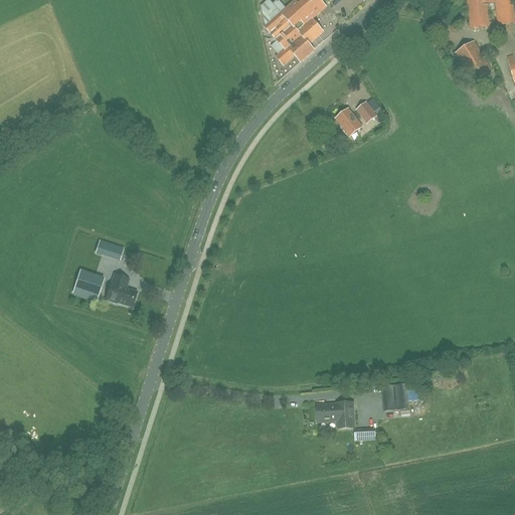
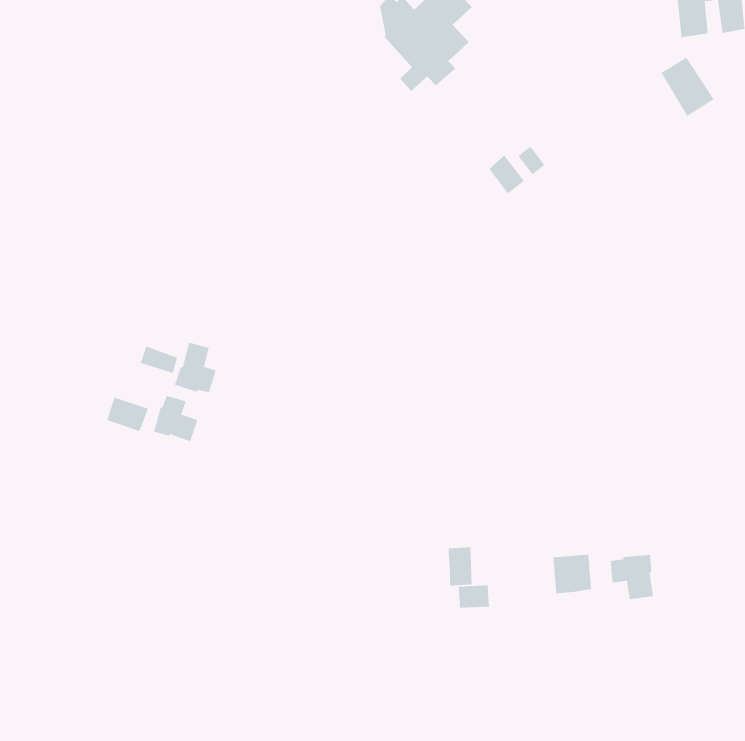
building: none -> [174,342,217,393]
building: none -> [610,554,654,600]
building: [337,400,354,427] -> [448,547,472,586]

